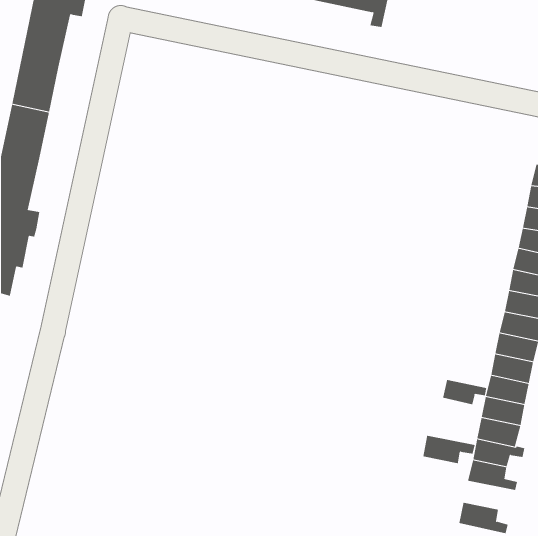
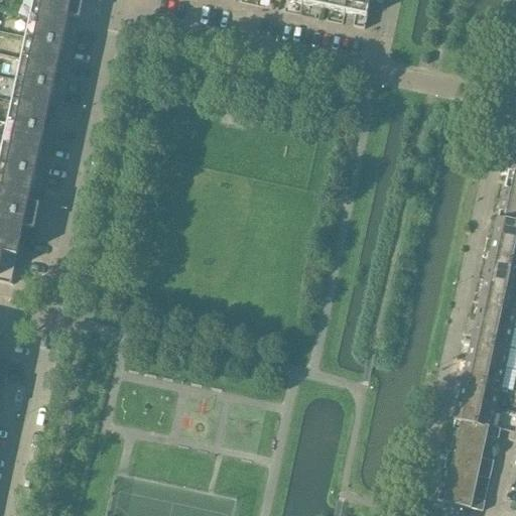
building: [442,379,487,405] -> none
building: [422,435,475,464] -> [443,458,494,485]

